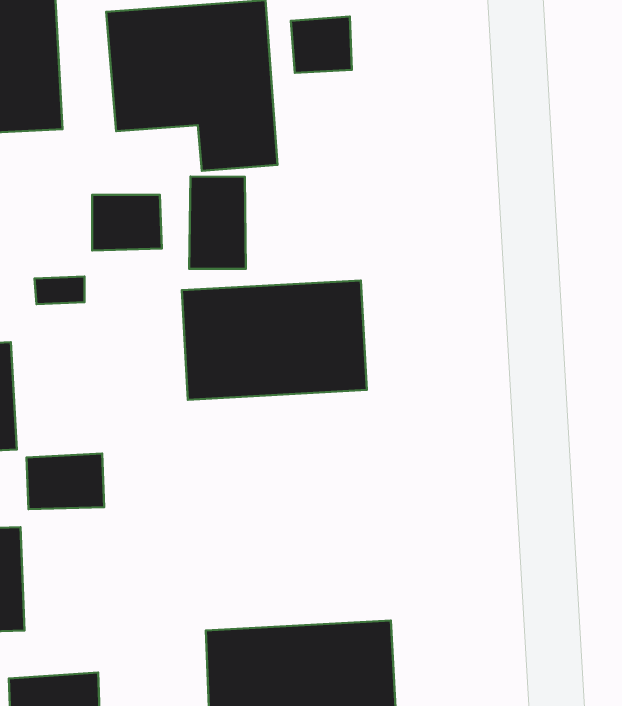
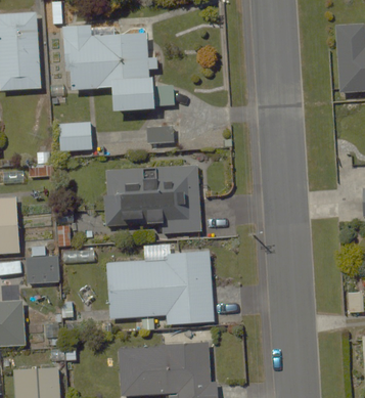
building: [291,16,352,73] -> none
building: [189,177,246,269] -> none
building: none -> [105,256,212,326]

